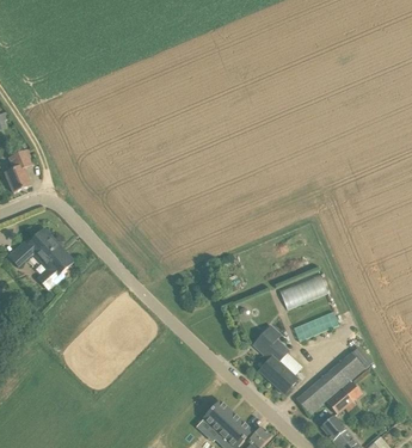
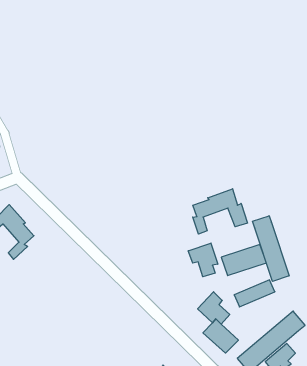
building: none -> [193,189,248,234]
building: none -> [253,216,289,281]
building: none -> [188,243,218,277]

